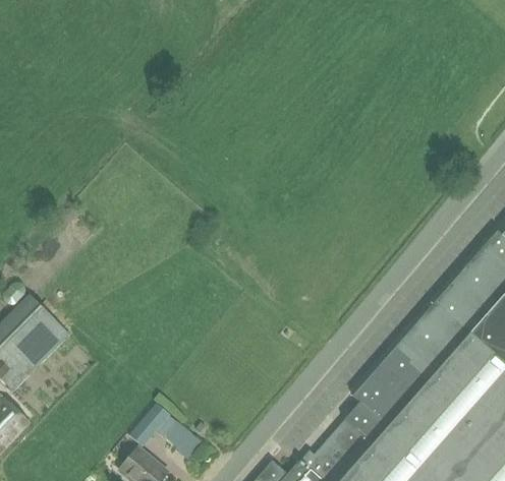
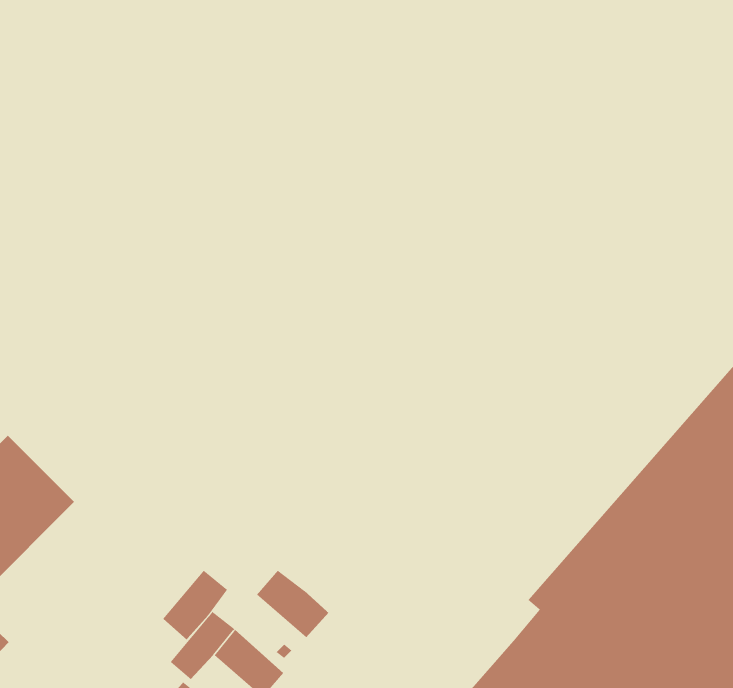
building: none -> [163,570,228,640]
building: none -> [256,570,330,638]

